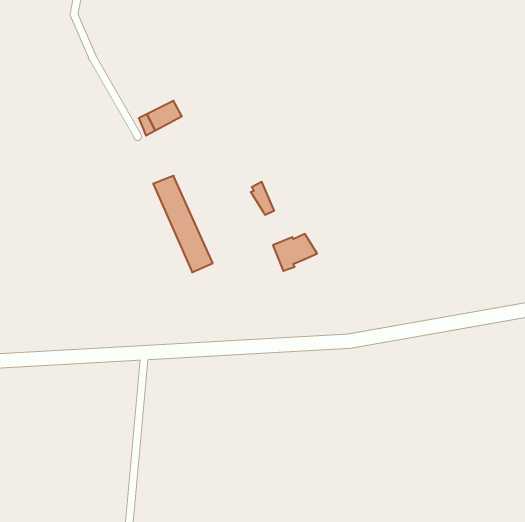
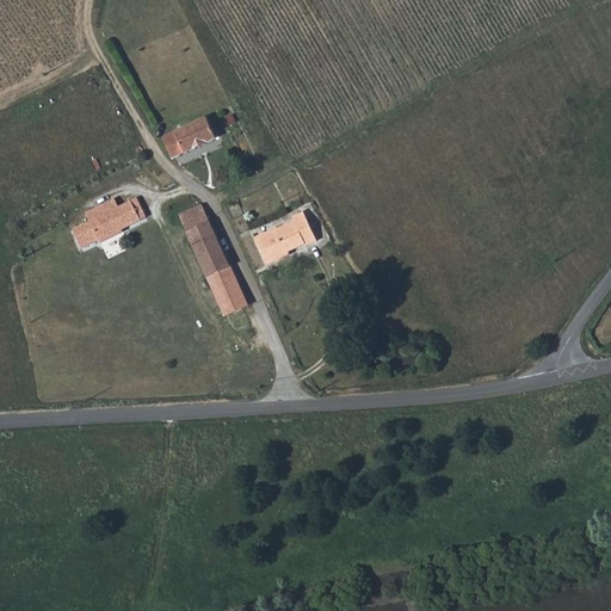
building: none -> [69,195,143,246]
building: [273,234,317,271] -> [254,223,306,266]

